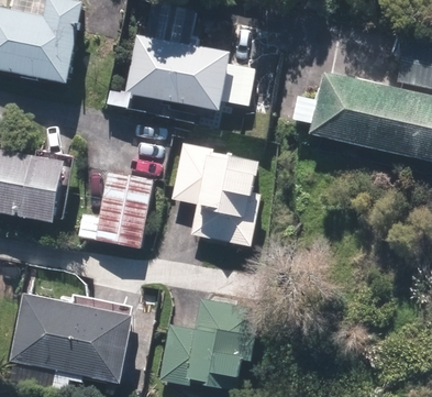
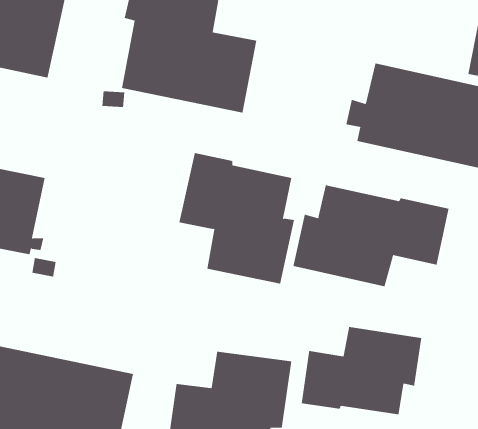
building: none -> [293,185,449,287]
building: [78,172,153,249] -> none
building: none -> [301,326,422,415]

